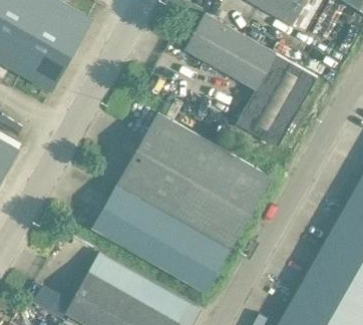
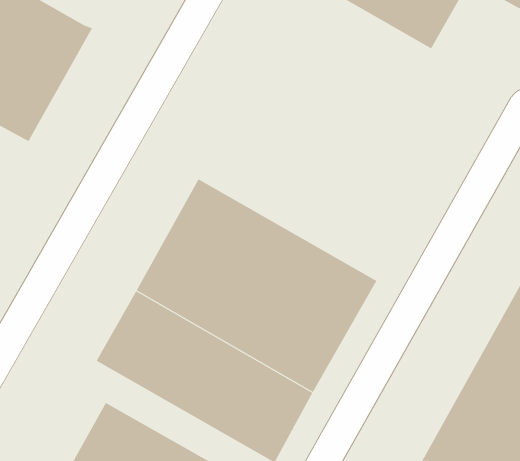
building: [185,14,316,147] -> none

